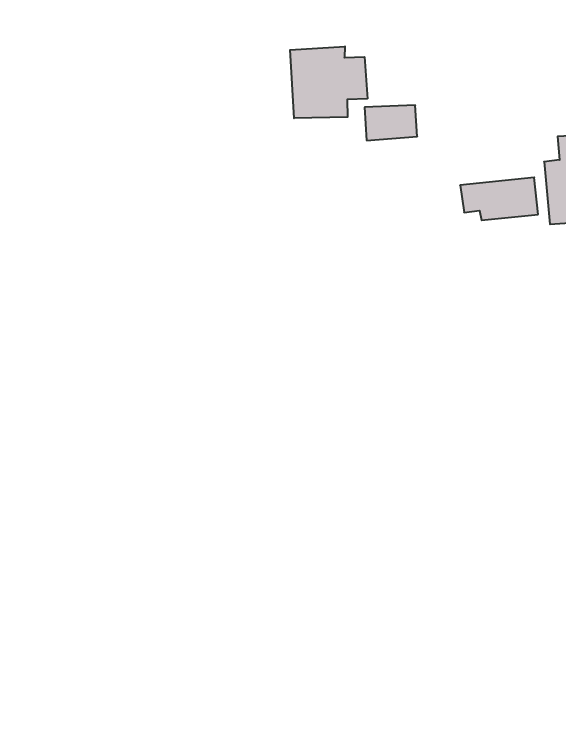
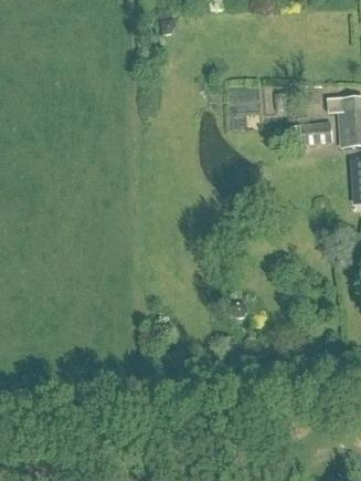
building: [290,46,367,118] -> none

